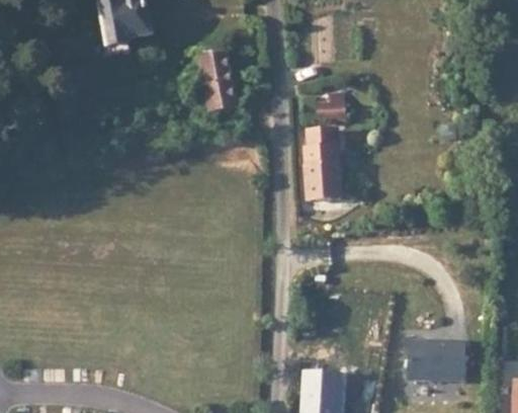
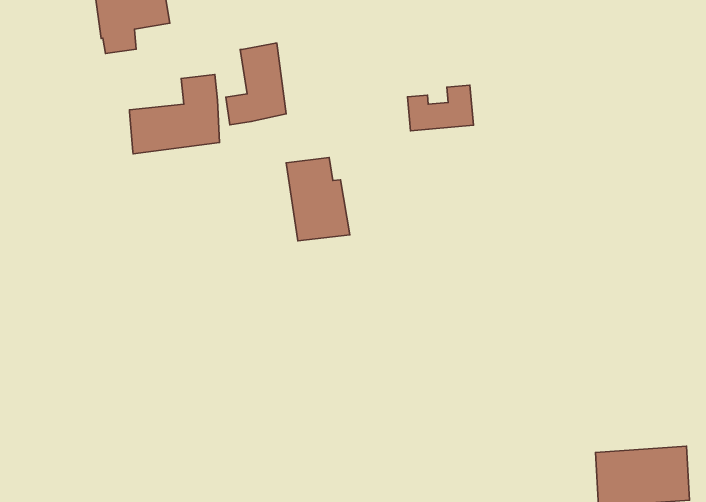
building: none -> [129,74,219,154]
building: [305,145,342,197] -> [286,157,350,241]

